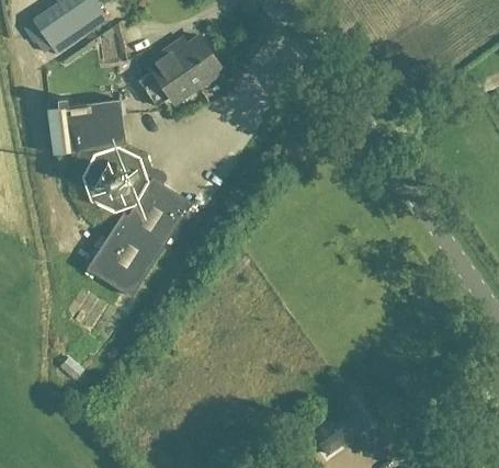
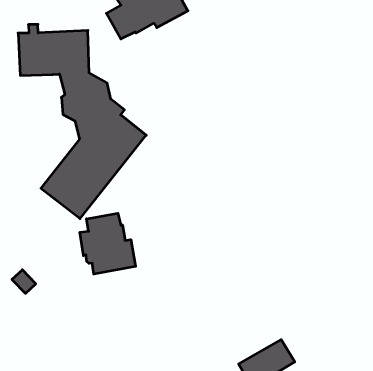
building: none -> [80,213,136,274]

